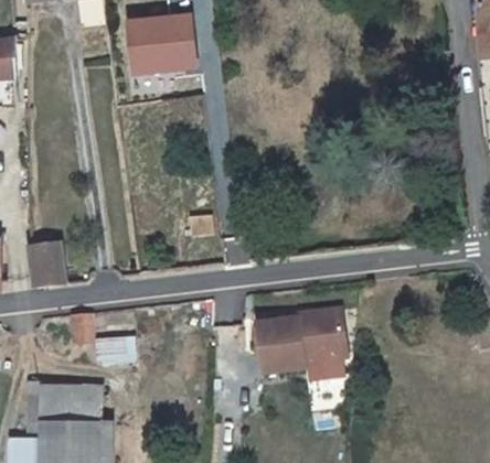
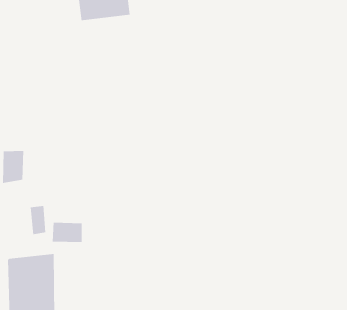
building: [246,311,335,375] -> none

